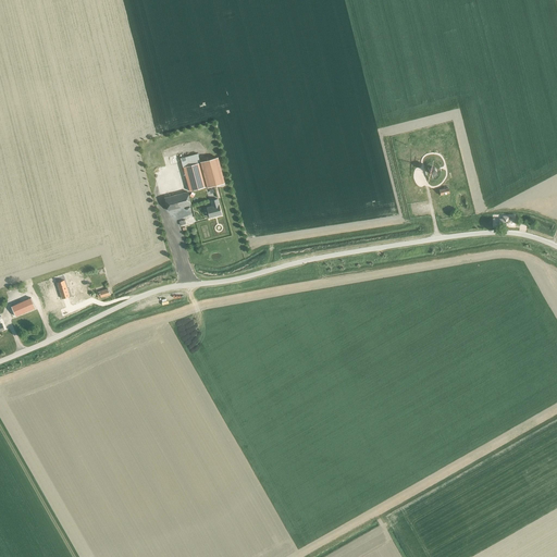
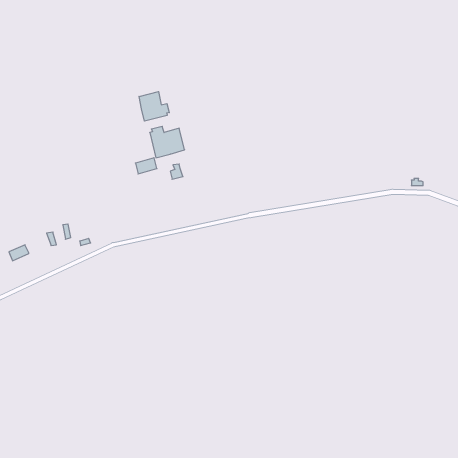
building: none -> [139,92,169,121]

